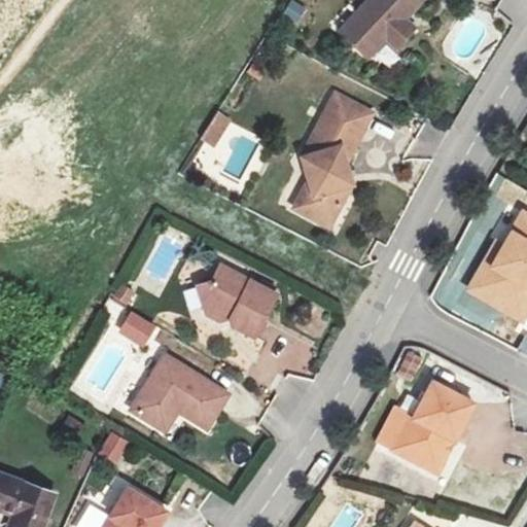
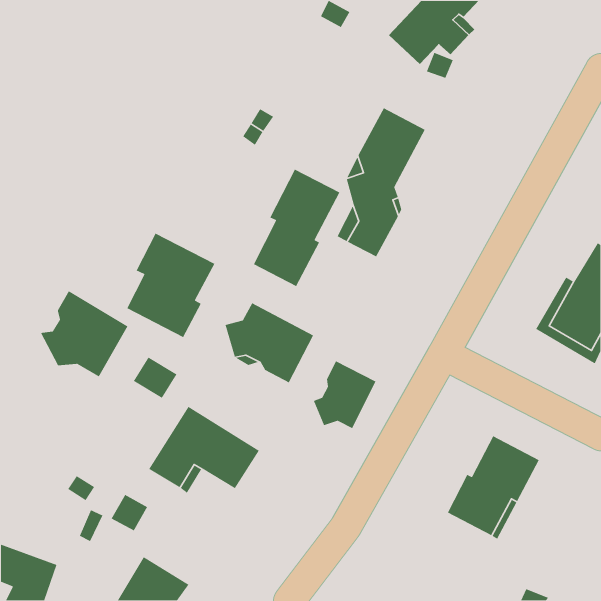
building: none -> [253,168,340,287]
building: none -> [126,233,215,338]
building: none -> [40,290,129,377]
building: none -> [313,360,376,429]

